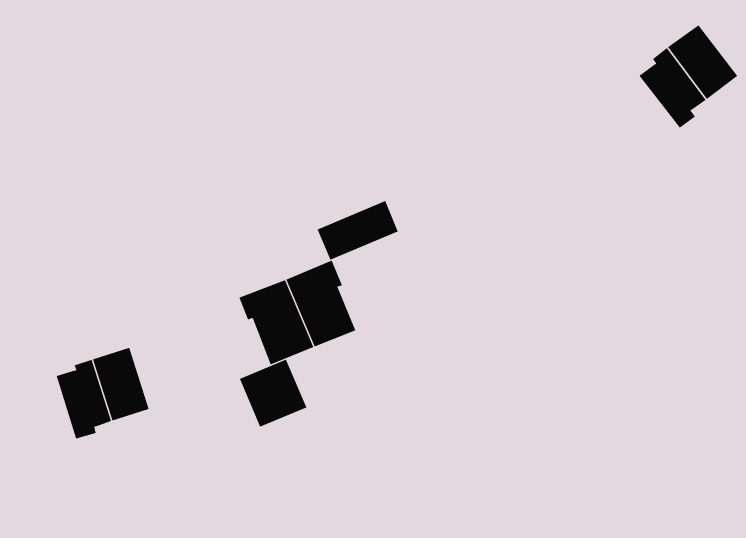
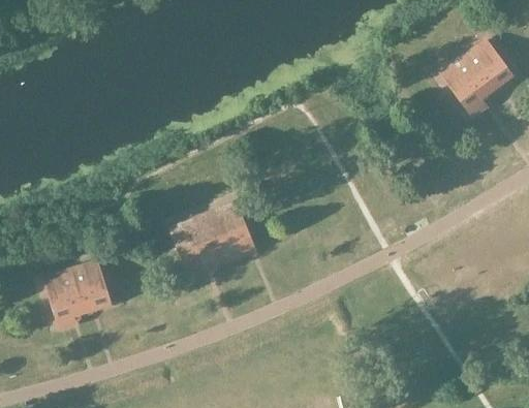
building: [317,200,399,261] -> none
building: [239,359,307,428] -> none

